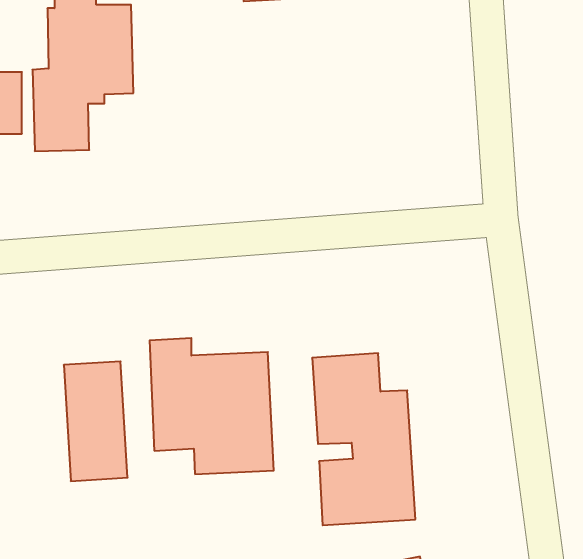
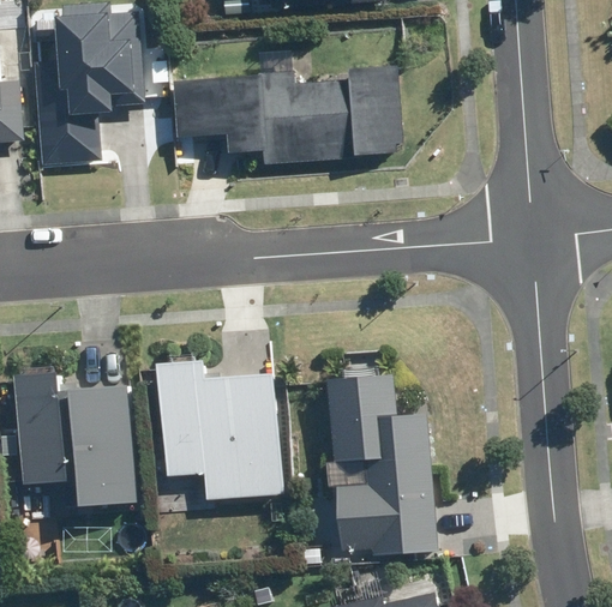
building: none -> [170,68,401,167]
building: none -> [16,369,66,483]

